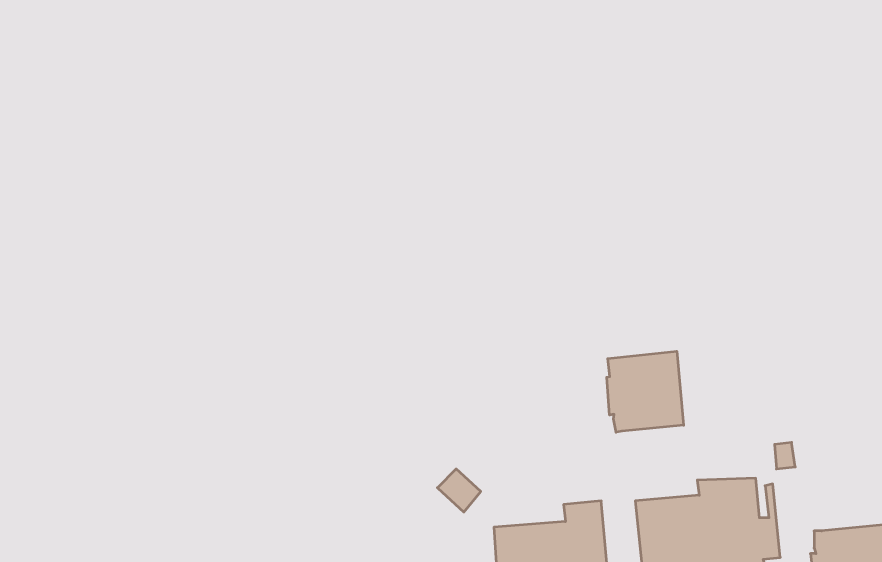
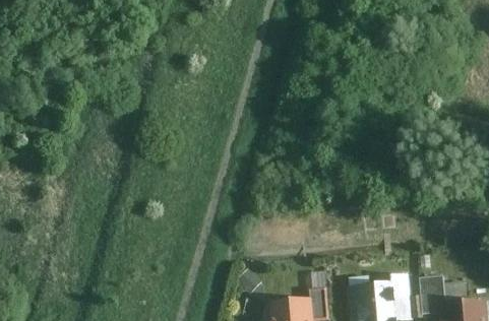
building: [607,351,684,432] -> none
building: none -> [419,274,445,313]

